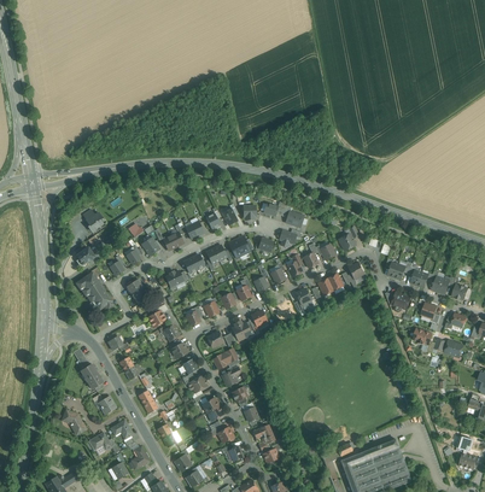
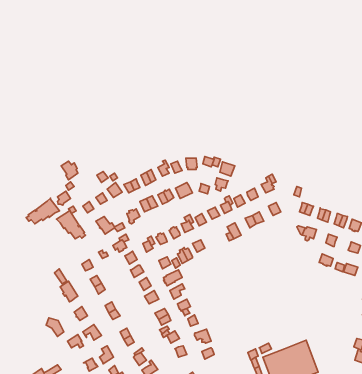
building: none -> [26,198,60,224]

